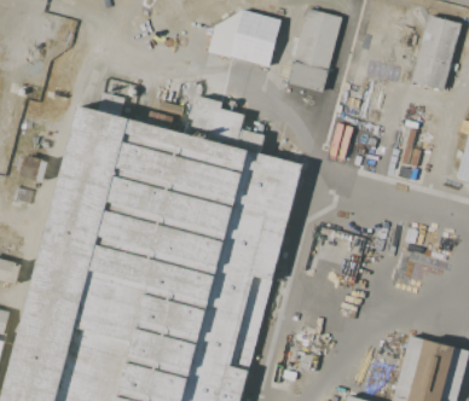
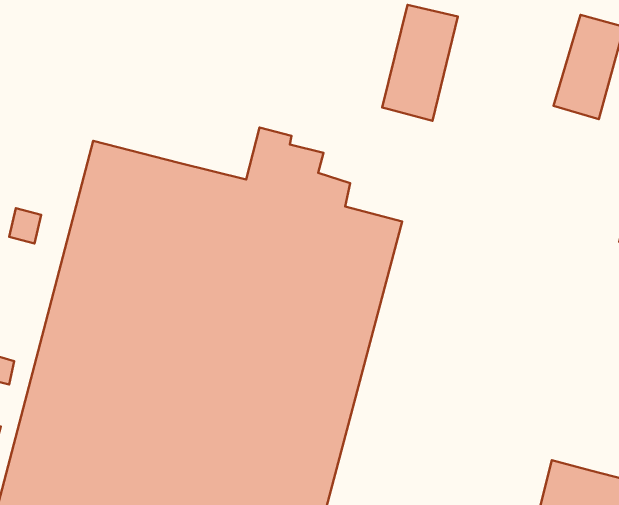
building: [208,11,282,68] -> none

